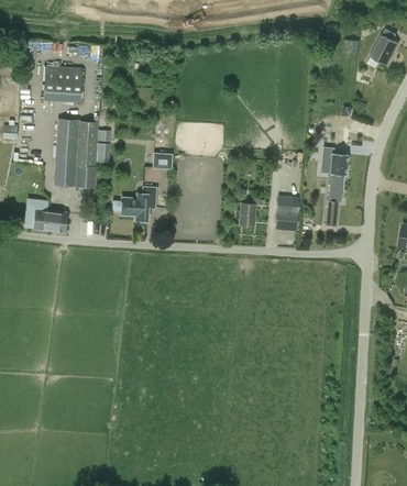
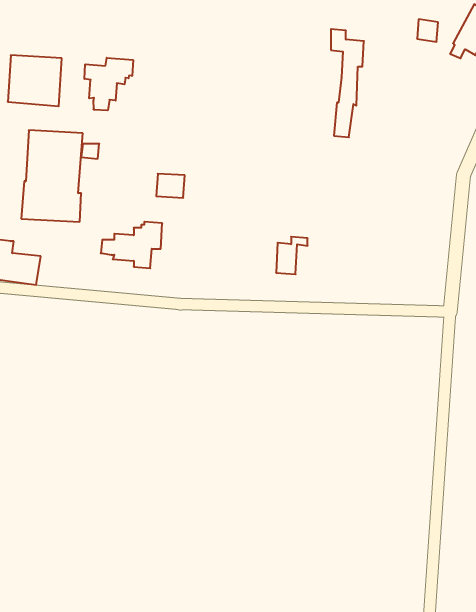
building: none -> [84,58,133,110]
building: [322,146,346,225] -> [331,29,364,137]
building: [275,196,299,230] -> none

